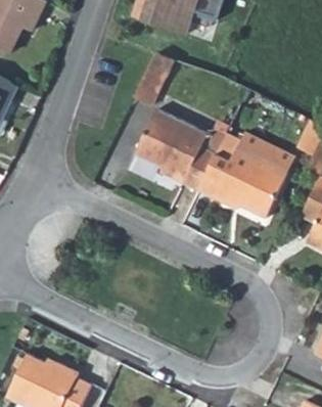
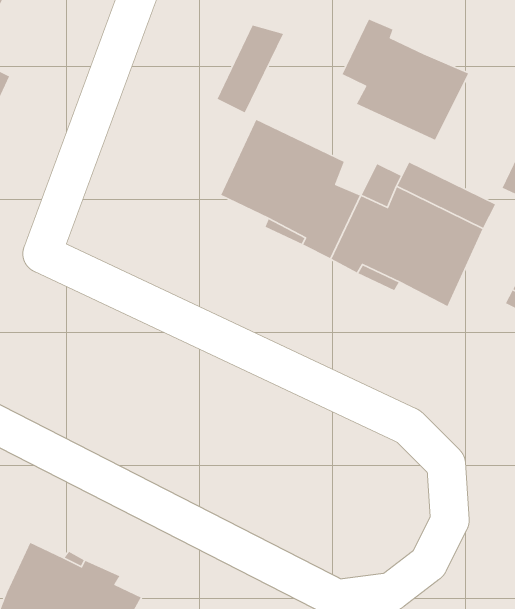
building: none -> [341,18,469,141]

